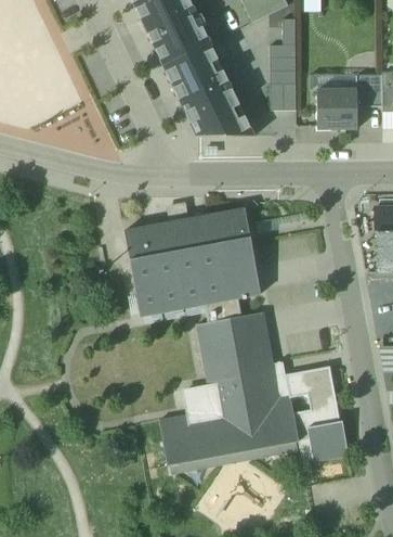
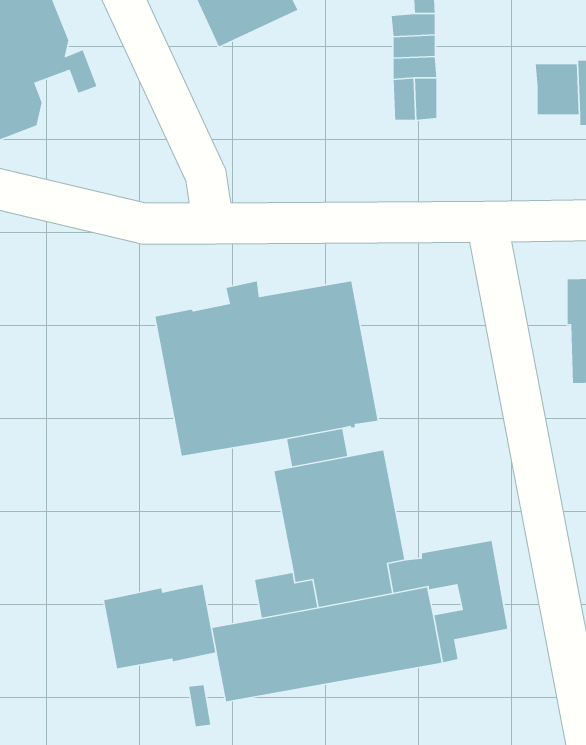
building: [162,42,253,135] -> none
building: [316,89,356,128] -> none
building: none -> [103,584,216,669]
building: [306,420,349,461] -> none

